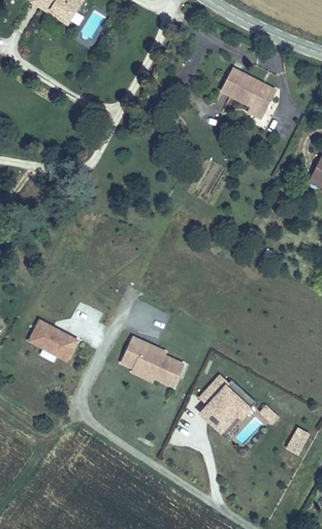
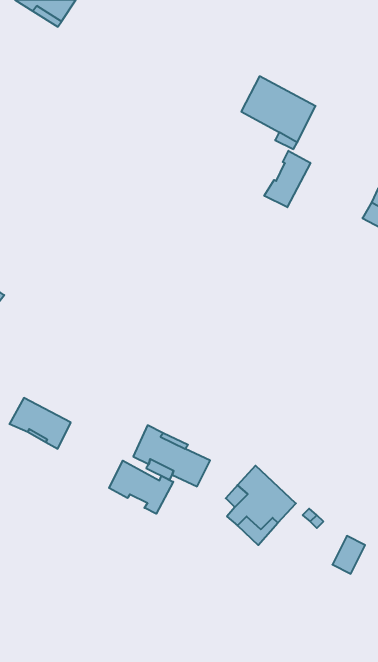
building: none -> [264,151,310,207]
building: none -> [109,461,173,514]

